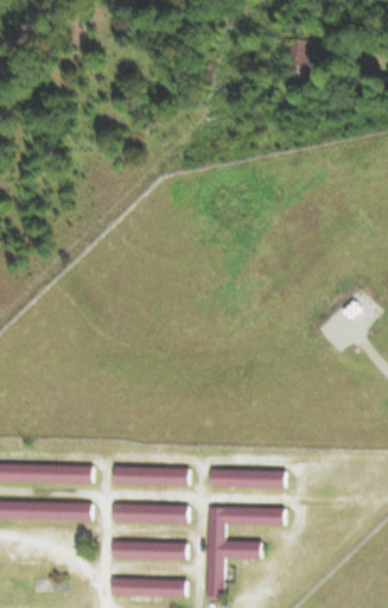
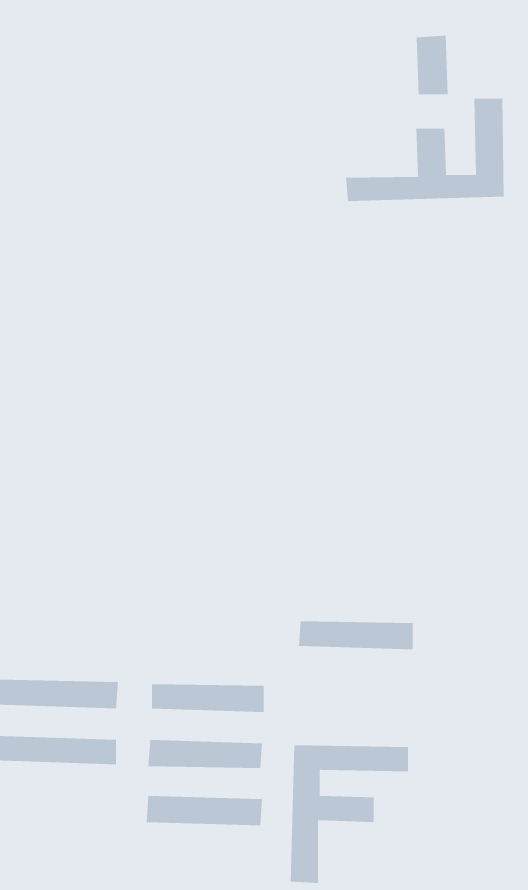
building: none -> [345,98,504,202]
building: [208,469,284,488] -> [298,621,413,650]
building: [108,578,184,597] -> none

